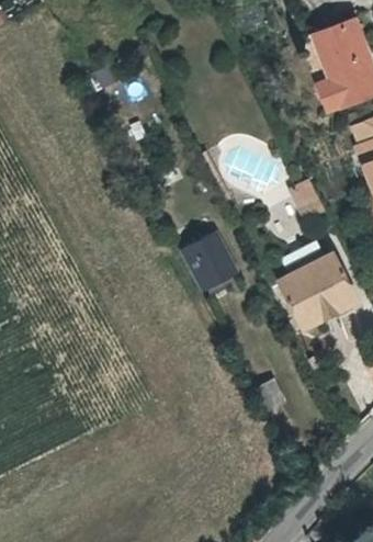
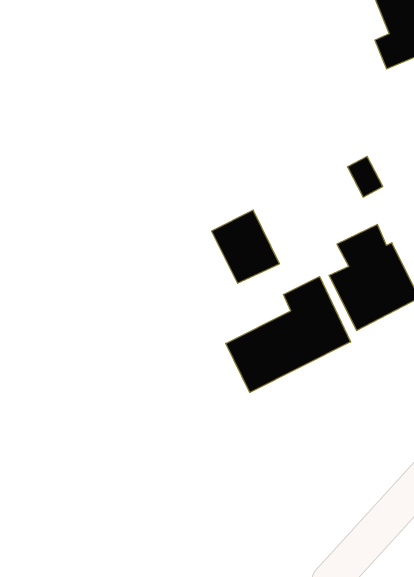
building: none -> [226,277,351,392]

